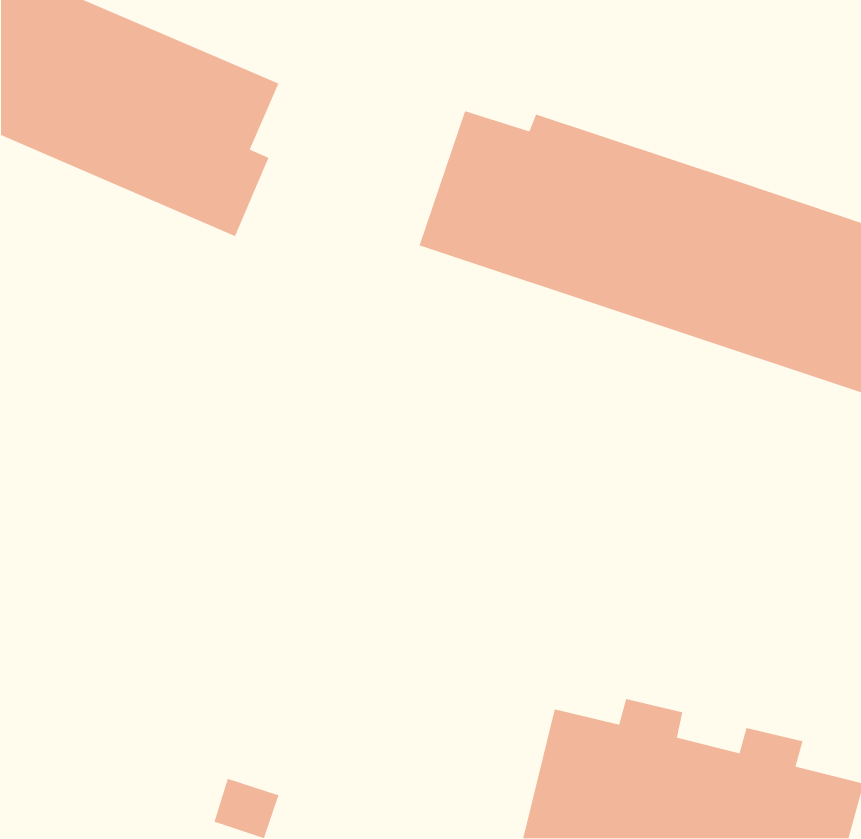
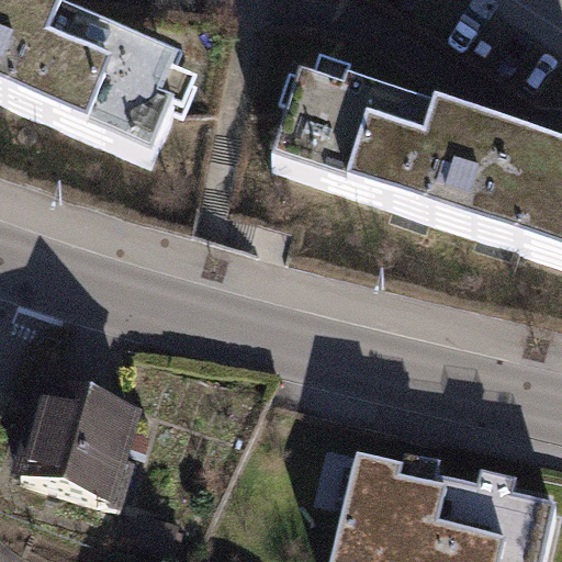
building: none -> [14,376,147,499]

